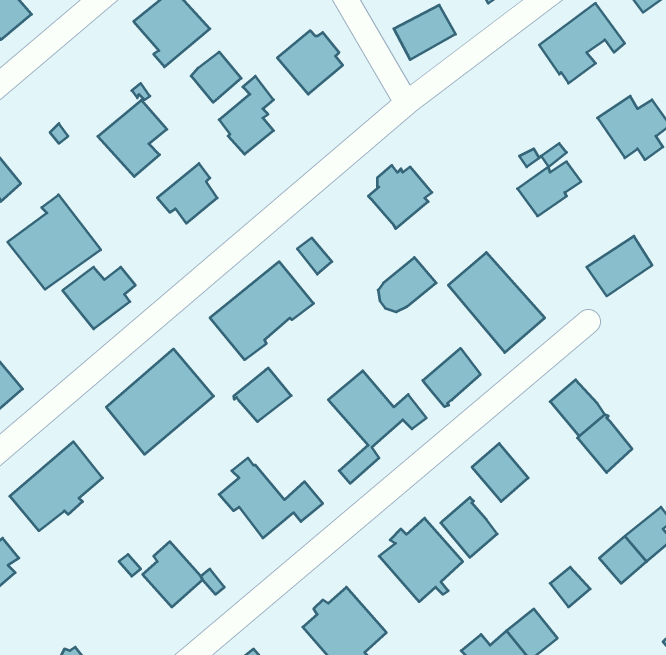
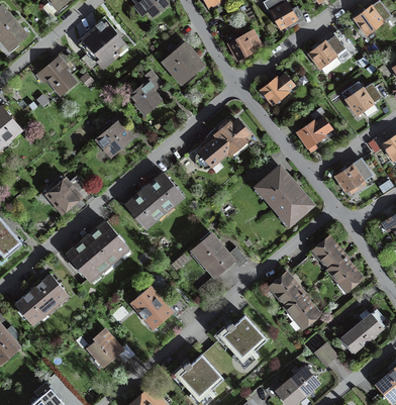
building: [191,52,241,102] -> none
building: none -> [260,74,293,105]
building: [98,100,167,177] -> [40,52,79,94]
building: [8,195,101,289] -> none
building: [378,257,436,312] -> [195,138,227,169]
building: [423,348,480,407] -> none
building: [234,368,291,422] -> none
building: [441,497,497,557] -> [286,293,317,326]

